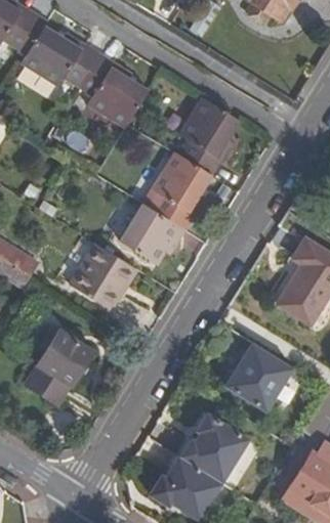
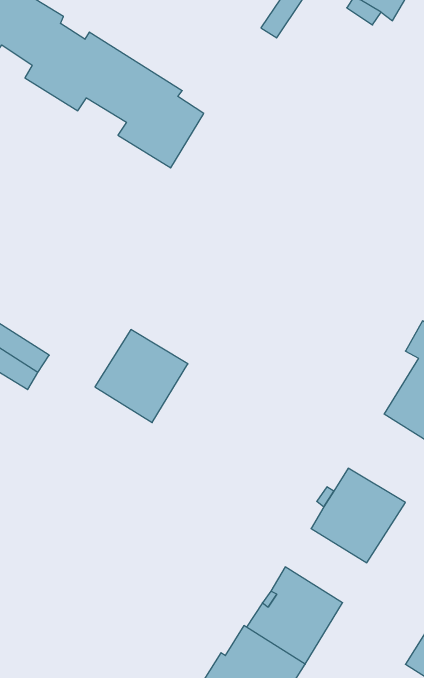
building: [118,96,240,266] -> none
building: [25,331,92,405] -> none

